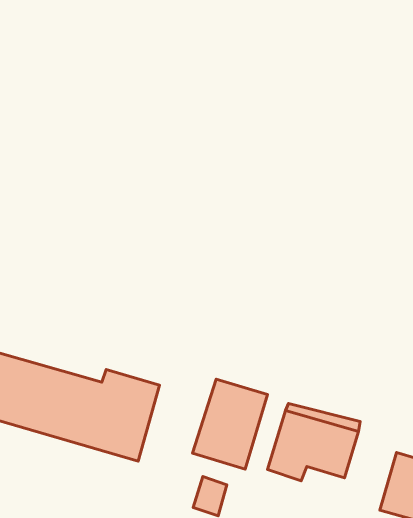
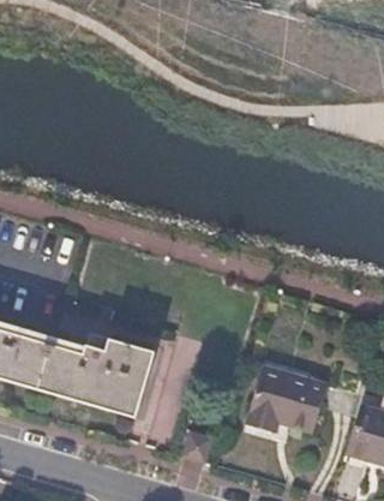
building: [193,379,268,469] -> none

